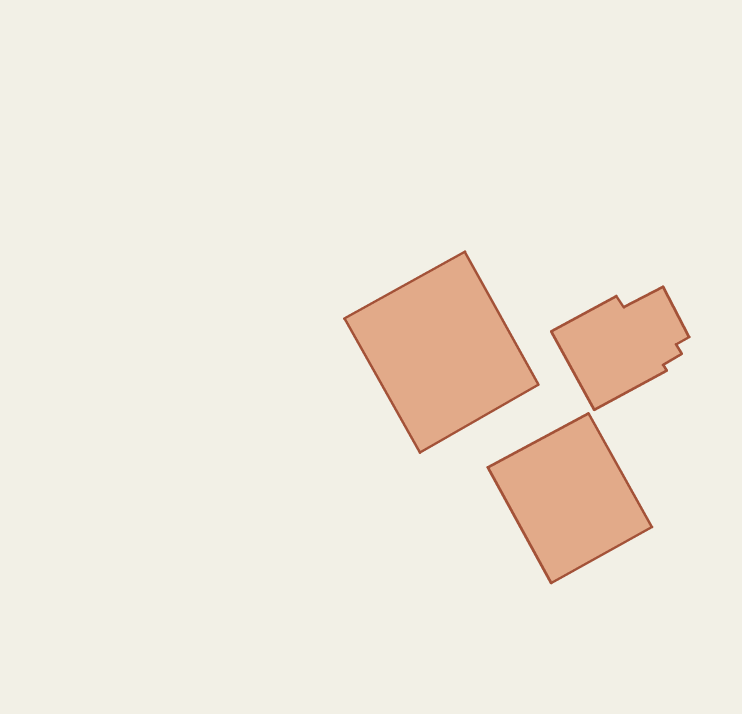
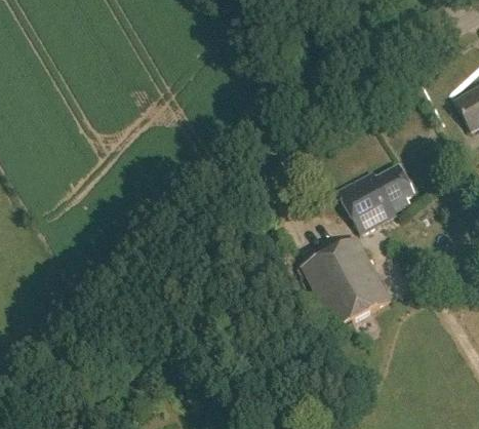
building: [344,252,538,453] -> none

